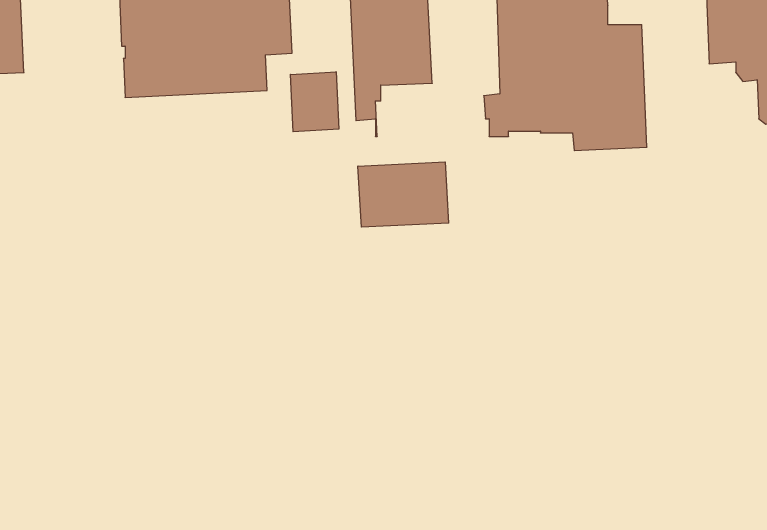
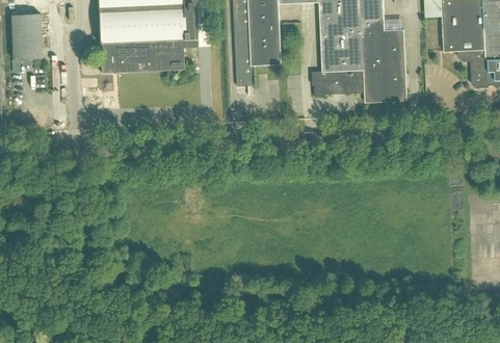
building: [290,72,339,132] -> none
building: [358,162,449,227] -> none

